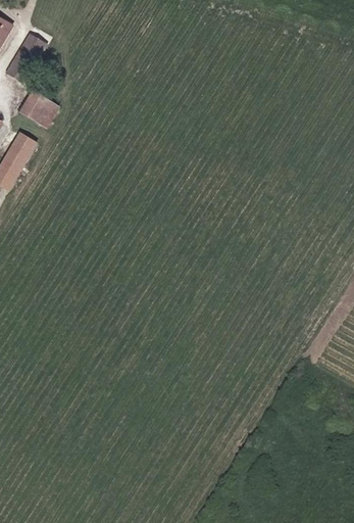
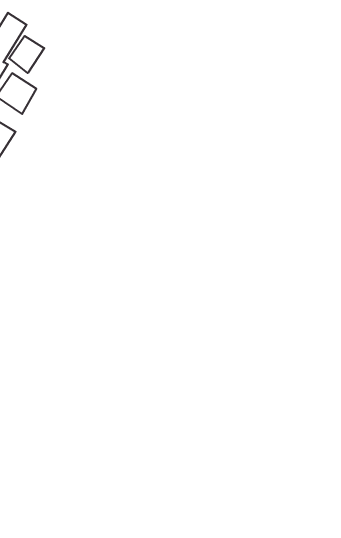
building: none -> [9,36,44,73]

